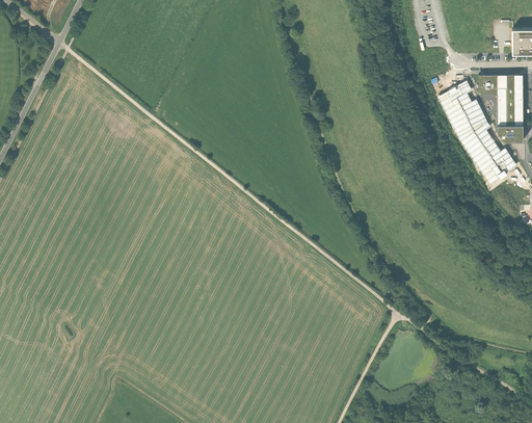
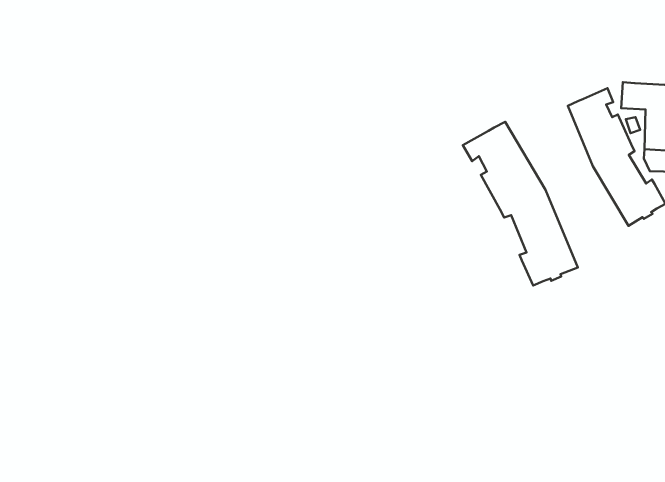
building: none -> [463,122,578,285]

